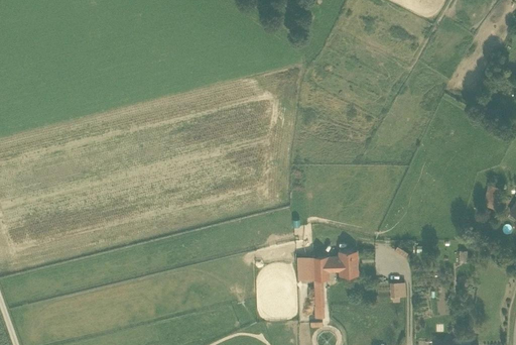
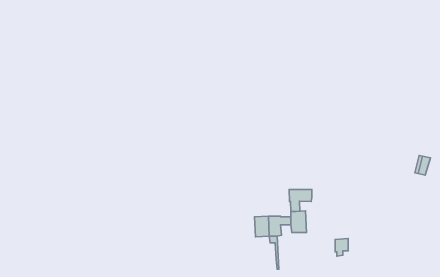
building: none -> [289,190,312,212]

